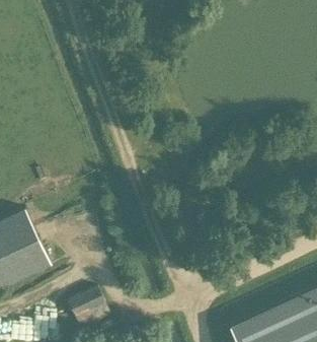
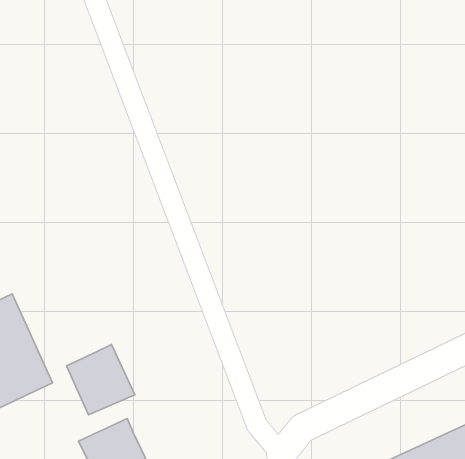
building: none -> [66,345,135,415]

